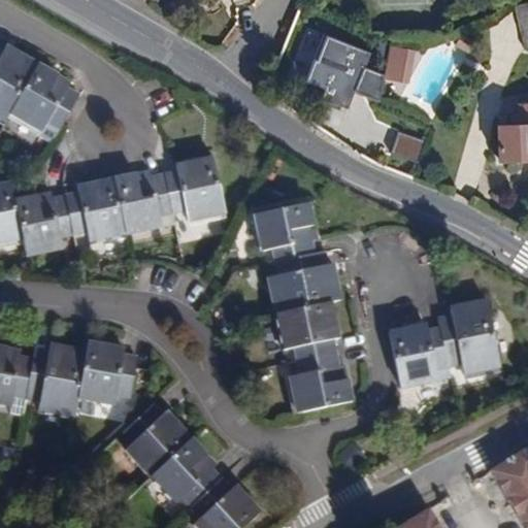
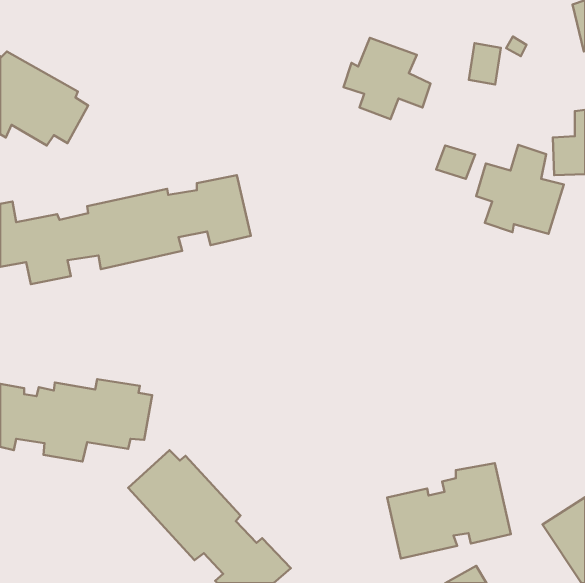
building: [388,42,417,79] -> [469,43,501,85]
building: none -> [476,145,564,234]
building: [254,202,353,412] -> none
building: [389,300,500,386] -> [387,463,511,558]

